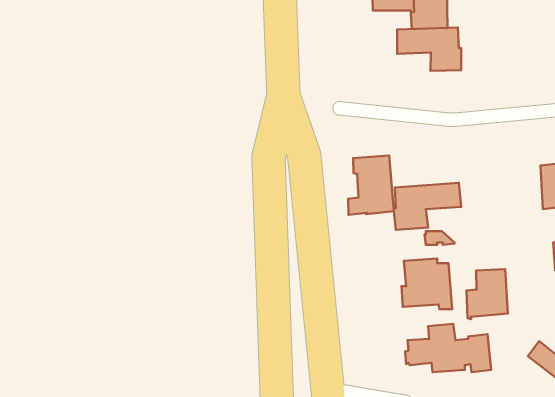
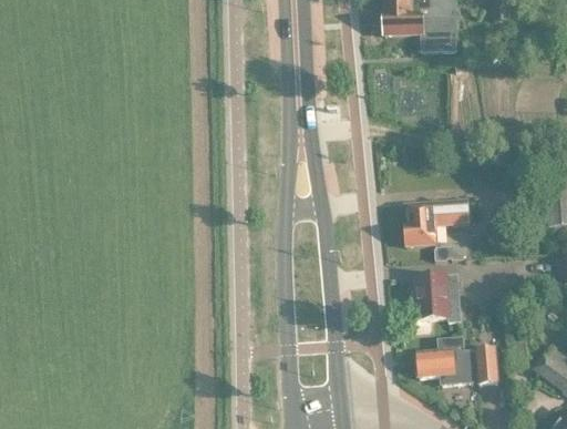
building: [397,28,461,71] -> none
building: [348,156,394,215] -> none
building: [466,269,508,319] -> none

